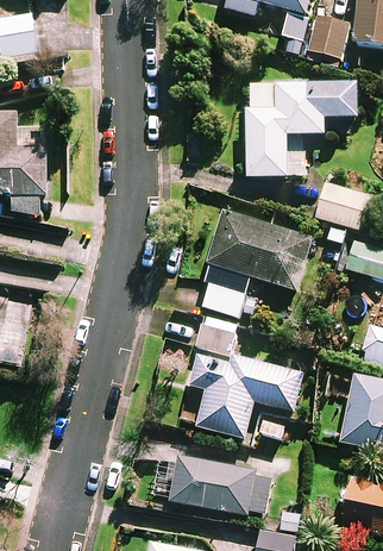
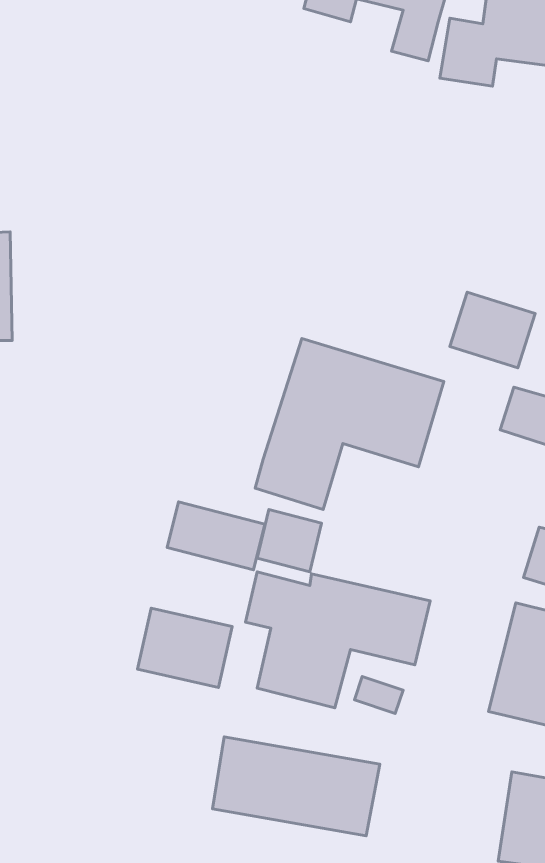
building: [245,81,357,175] -> none
building: none -> [167,502,265,570]
building: none -> [138,608,232,688]

